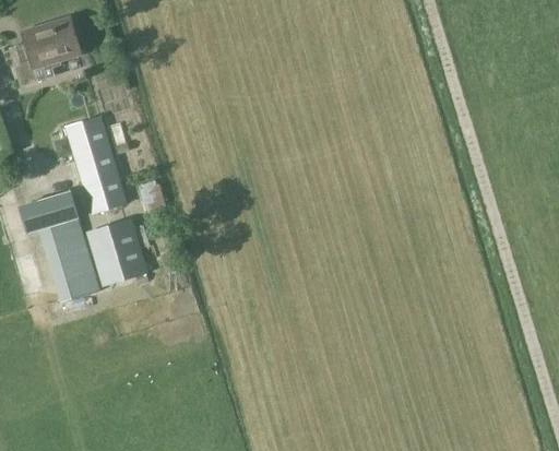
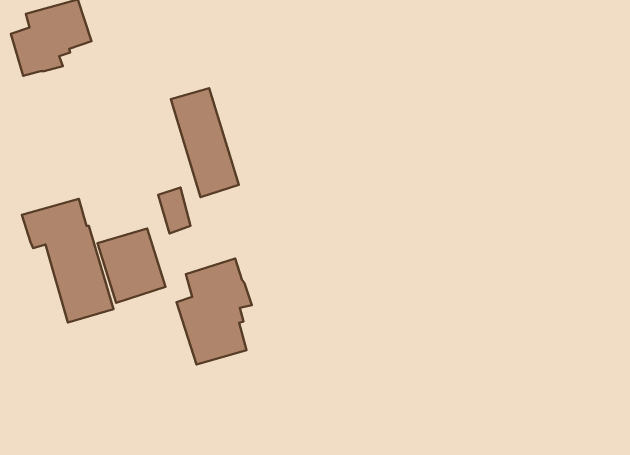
building: [66,116,126,212] -> [171,88,239,197]
building: none -> [176,259,252,364]

